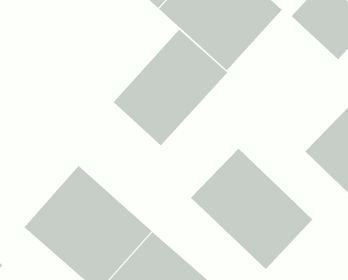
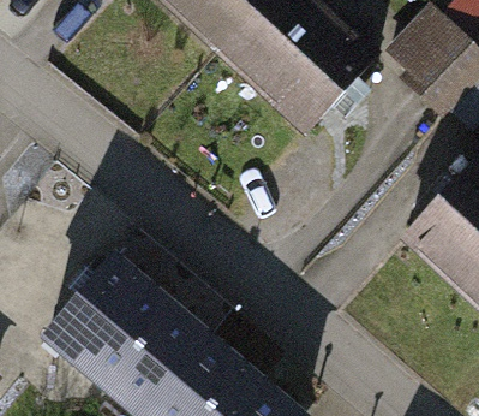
building: [113,29,228,146] -> none
building: [190,148,313,270] -> none

